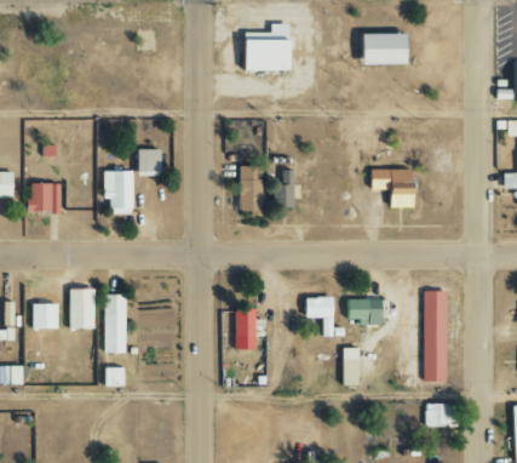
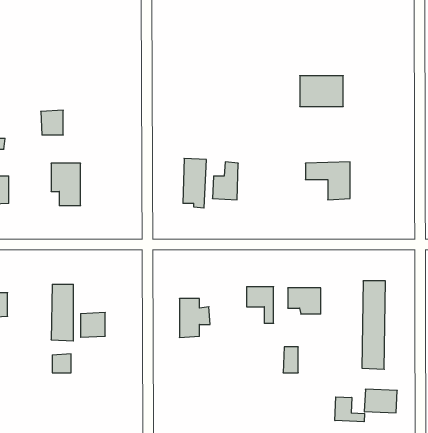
building: [242,23,289,70] -> none
building: [360,33,404,64] -> [300,76,343,106]
building: [138,148,161,173] -> [41,110,63,135]
building: [70,303,96,328] -> [81,313,105,337]
building: none -> [335,397,364,422]

